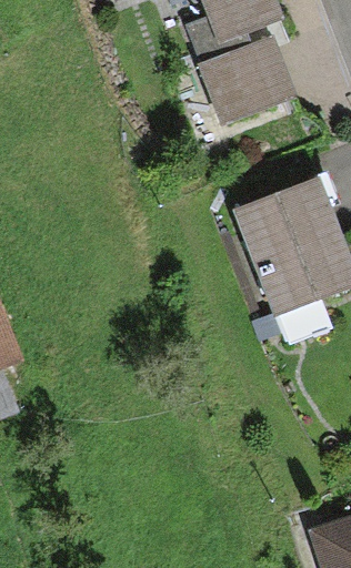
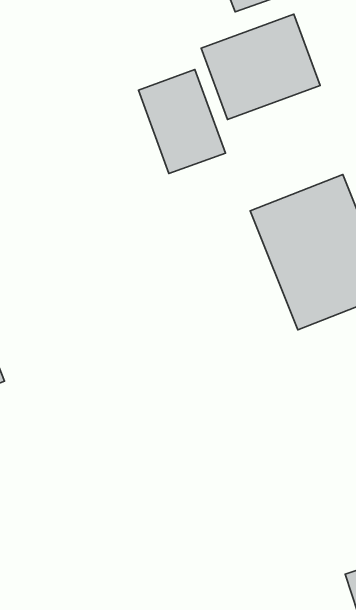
building: none -> [138,70,225,173]

